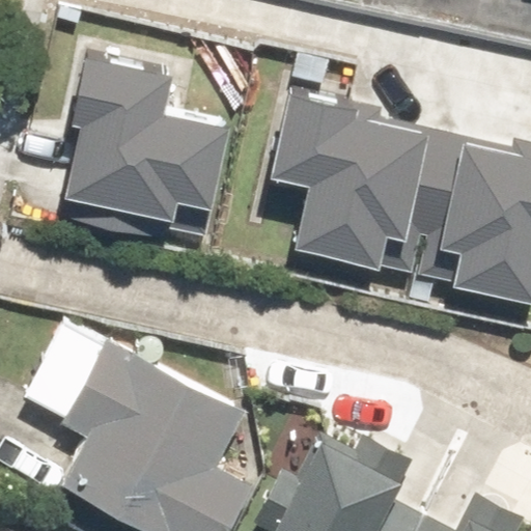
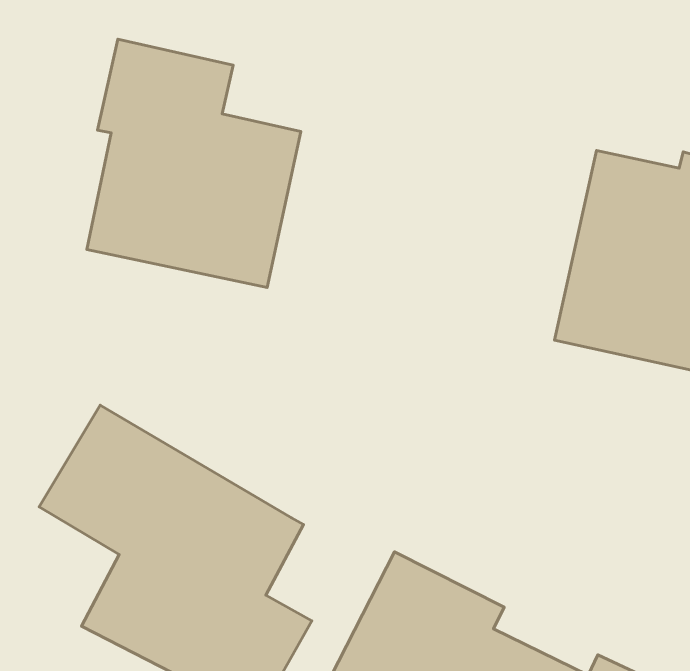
building: [268,82,432,271] -> none

